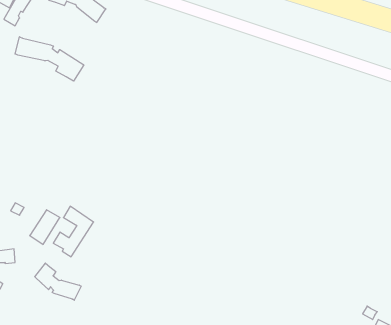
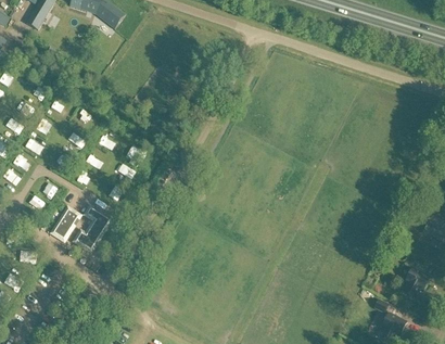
building: [15,37,84,81] -> none
building: [35,263,81,300] -> none

